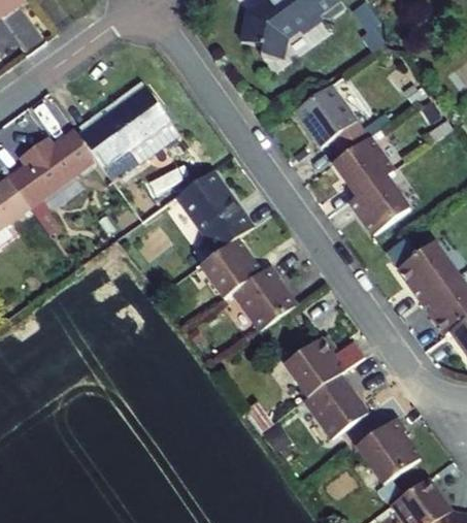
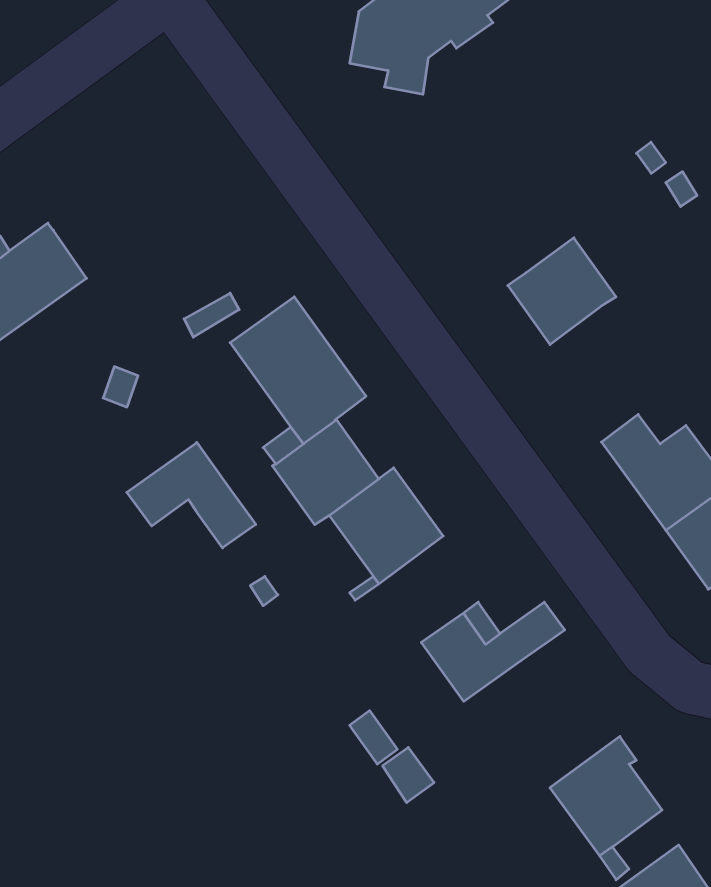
building: [295,84,369,156] -> none
building: [77,85,179,181] -> none
building: [348,174,409,234] -> none
building: none -> [127,442,256,548]
building: [303,373,367,437] -> none

